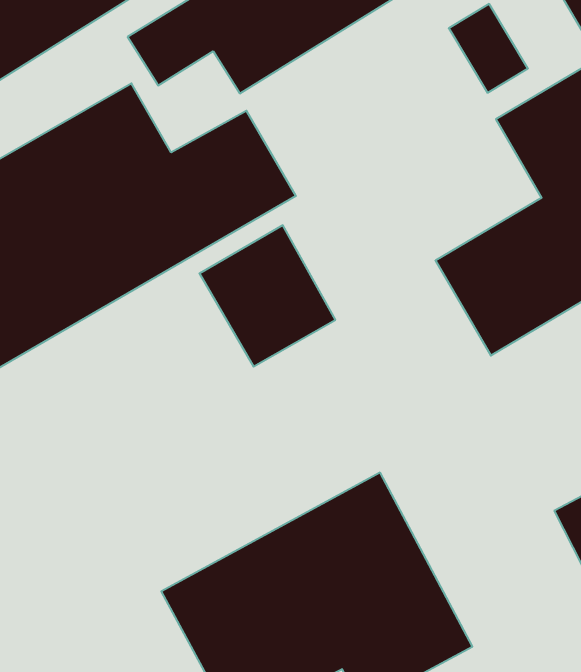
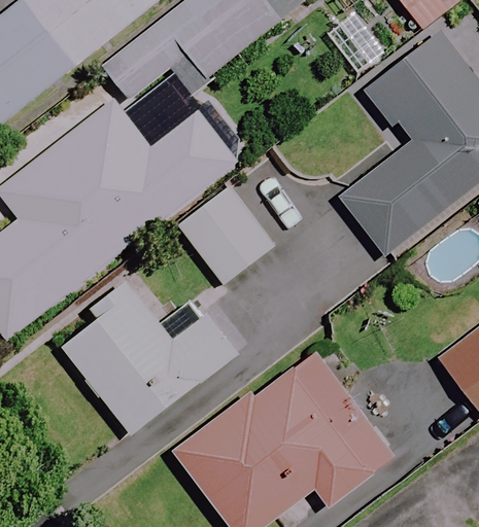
building: none -> [67,272,247,433]

